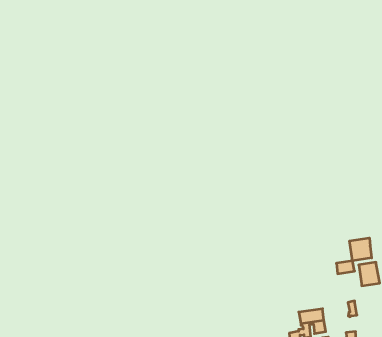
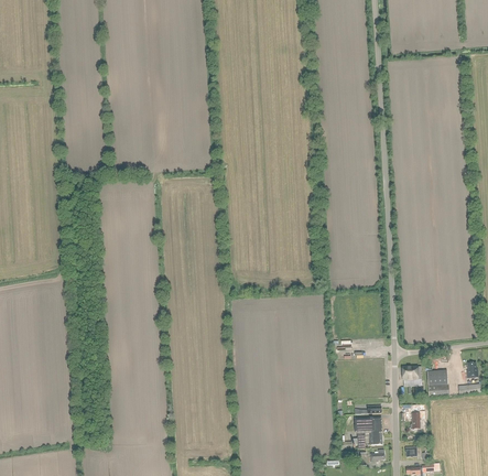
building: [350,238,372,261] -> none

